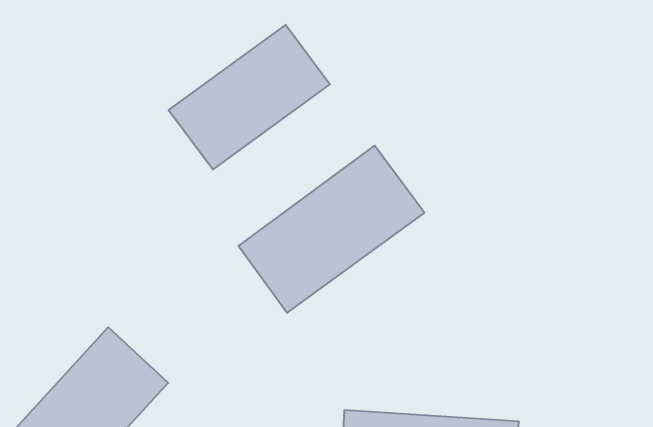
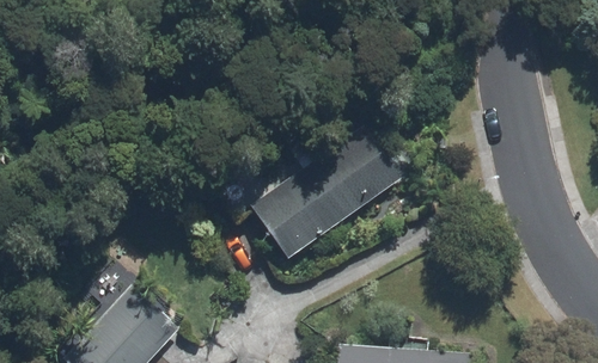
building: [169,25,330,170] -> none

